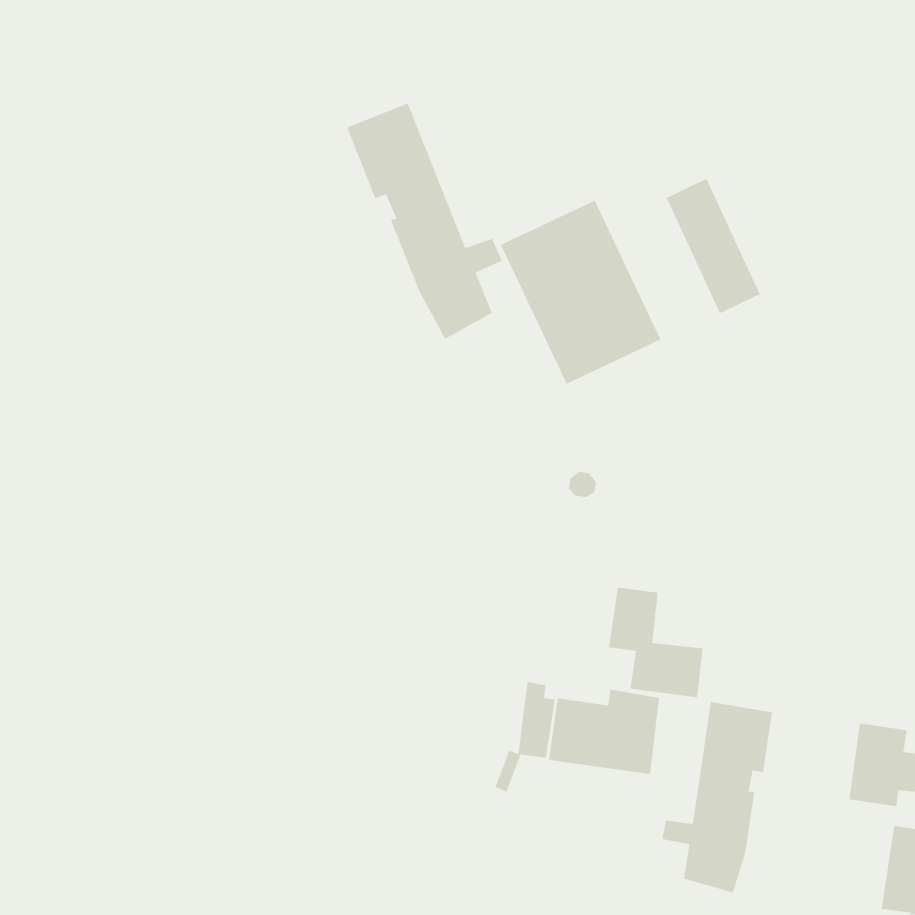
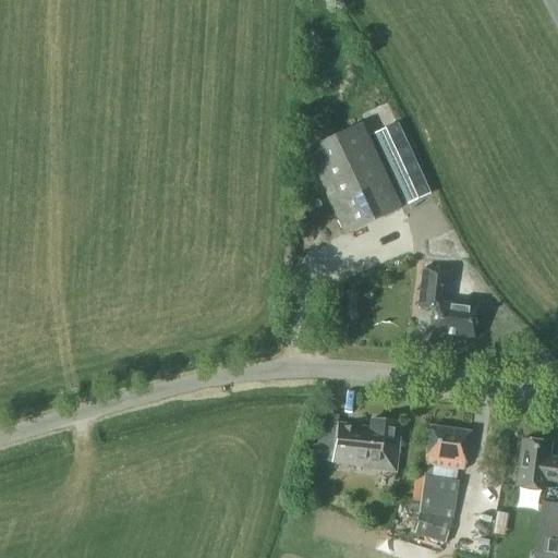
building: [346,102,503,340] -> none
building: [666,178,761,314] -> [374,121,432,204]
building: [608,587,703,698] -> [421,268,478,336]

